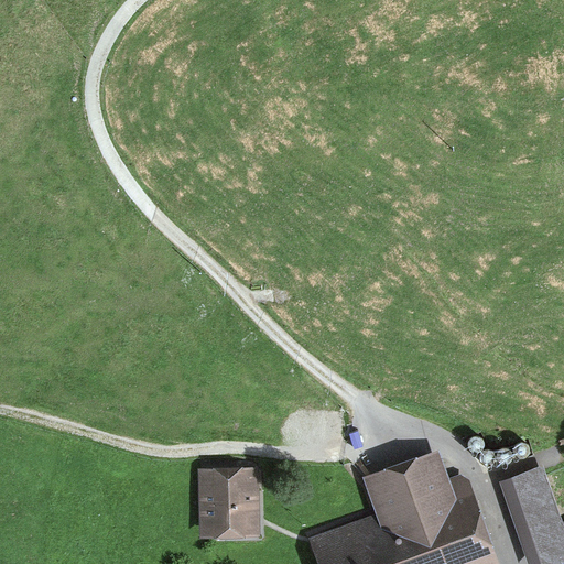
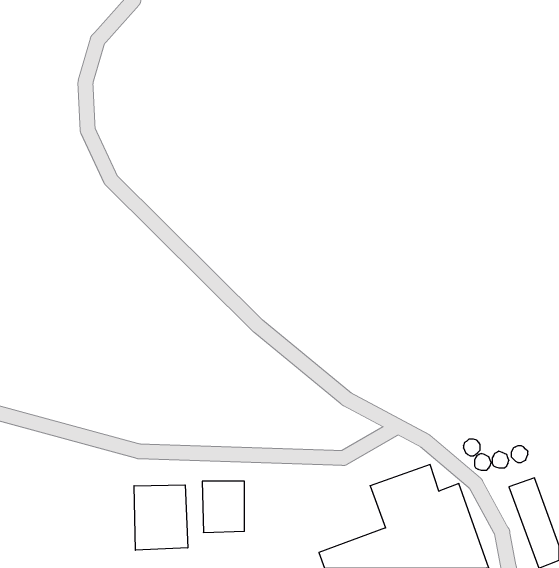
building: none -> [134,485,188,550]

